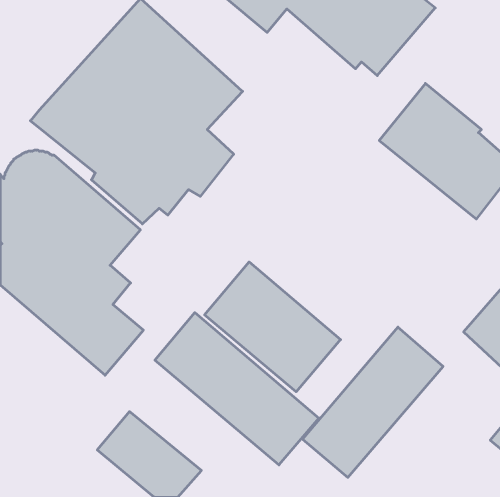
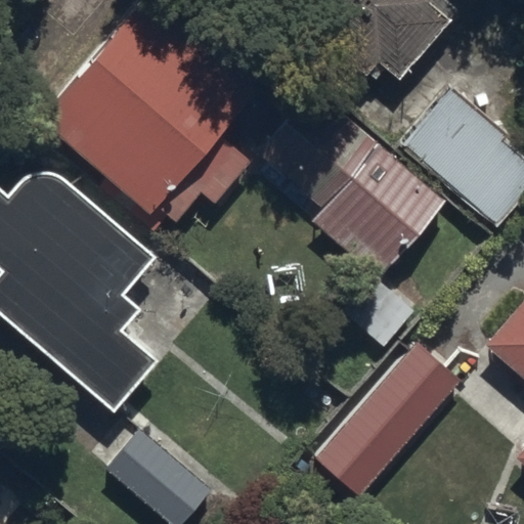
building: none -> [256,88,445,280]
building: [205,262,341,392] -> none
building: [155,313,319,465] -> none

